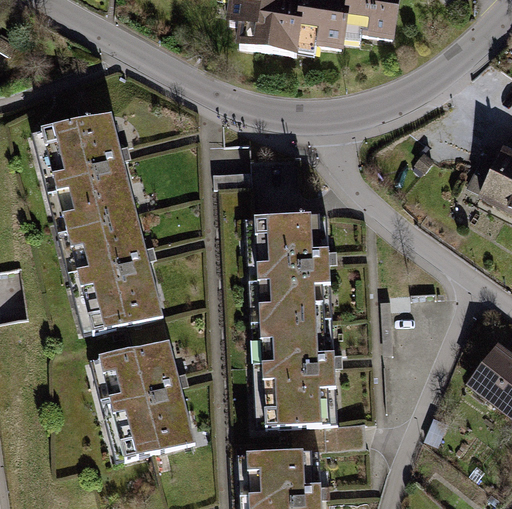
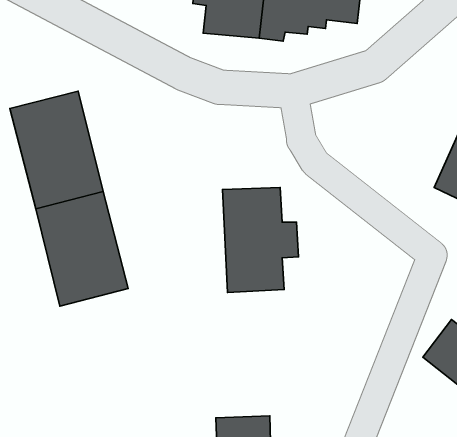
building: [264,316,343,425] -> none
building: [88,335,201,464] -> none

